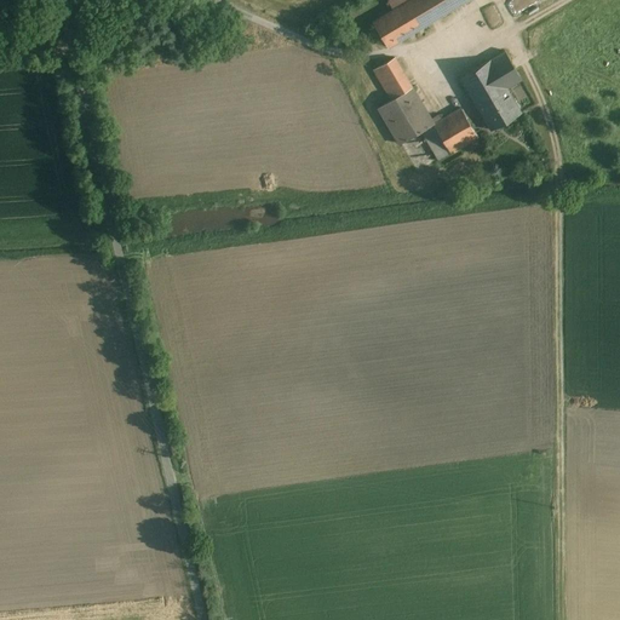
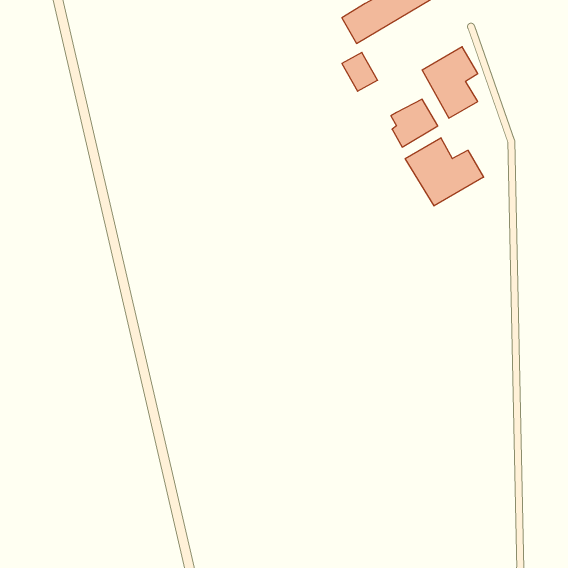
building: [378,87,432,142] -> none
building: none -> [405,138,484,206]

